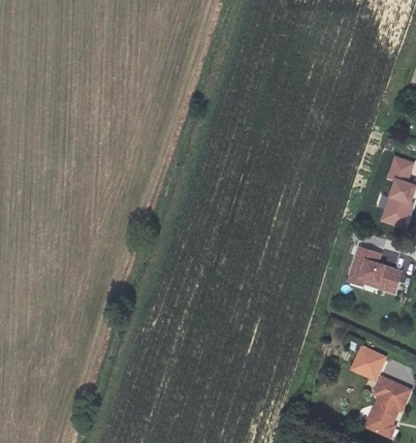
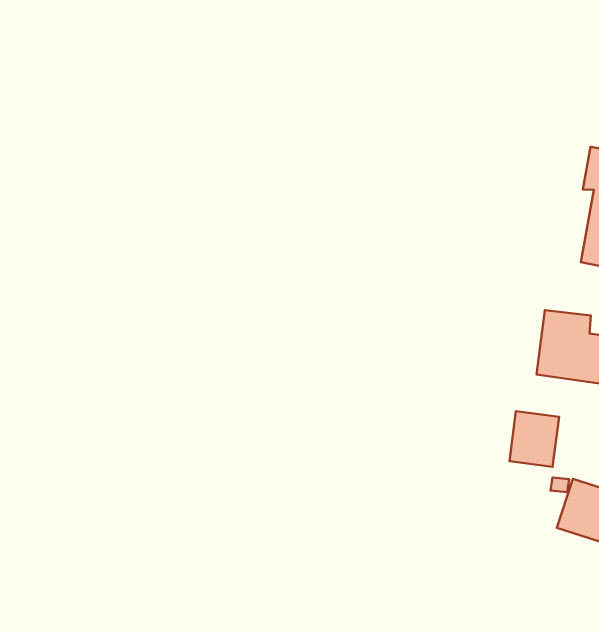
building: none -> [509,411,559,467]

